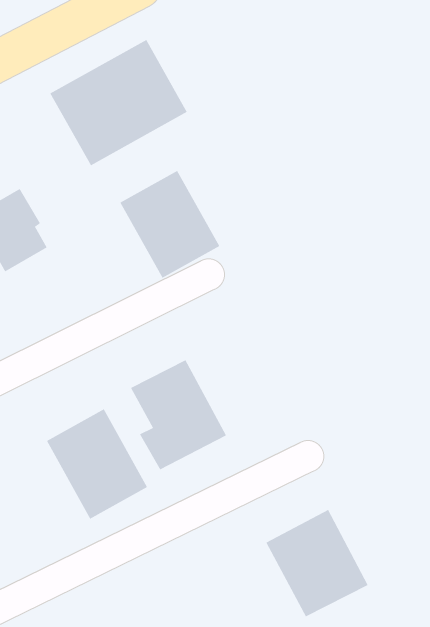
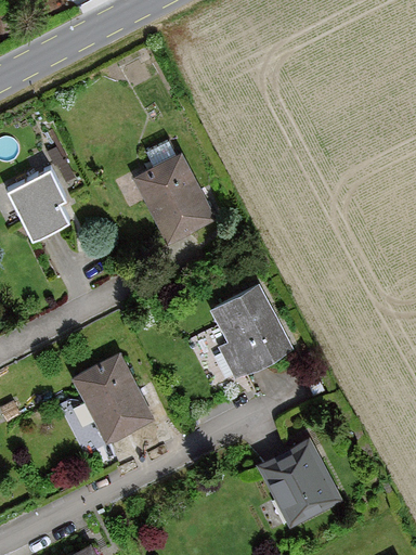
building: [50,39,188,166] -> none
building: [130,360,227,470] -> [210,286,291,379]

